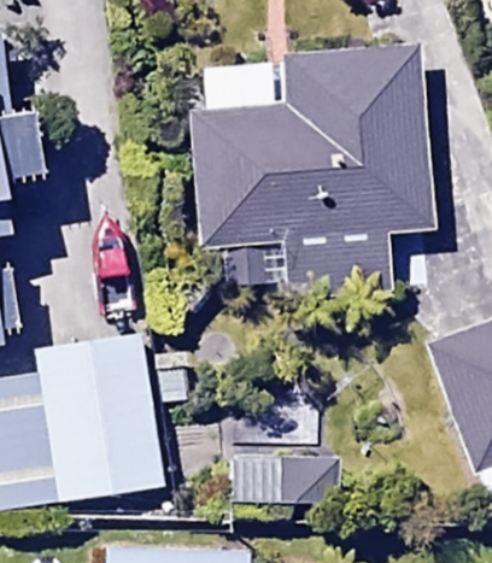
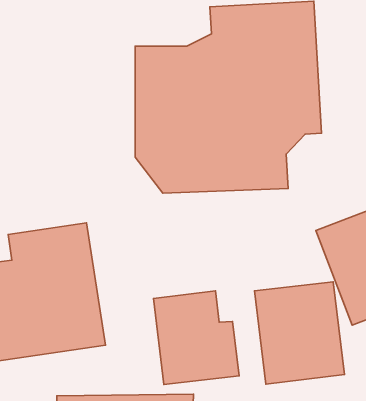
building: none -> [254,282,344,384]

